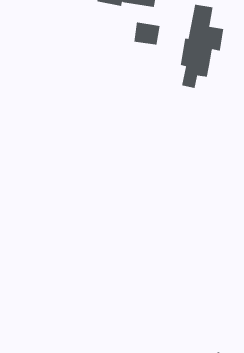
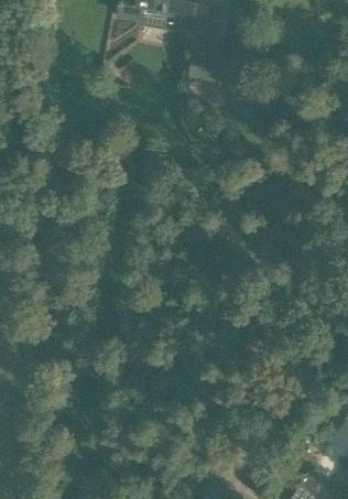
building: [180,4,224,89] -> none

